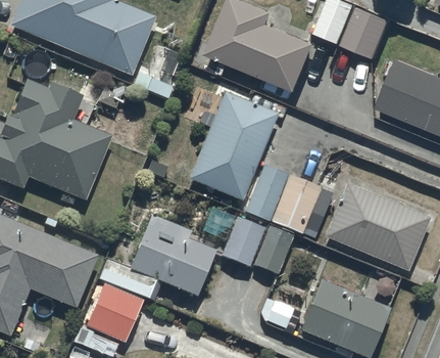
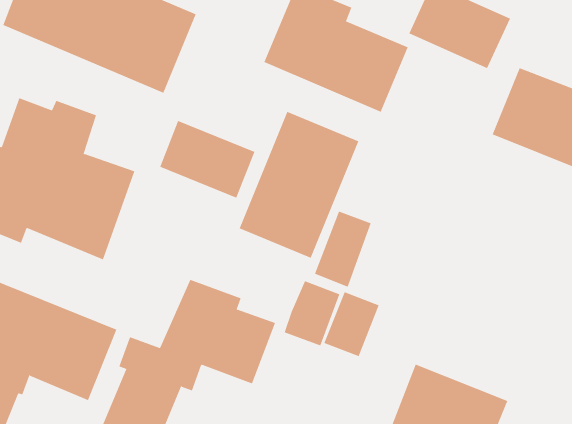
building: none -> [159,120,255,198]
building: [270,172,332,239] -> none
building: [325,183,429,270] -> none

